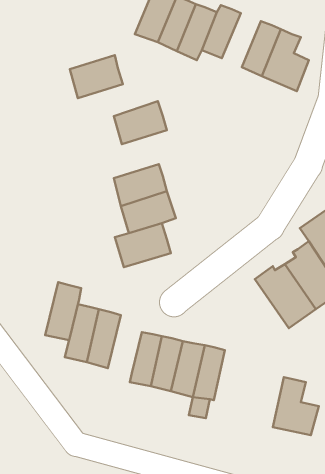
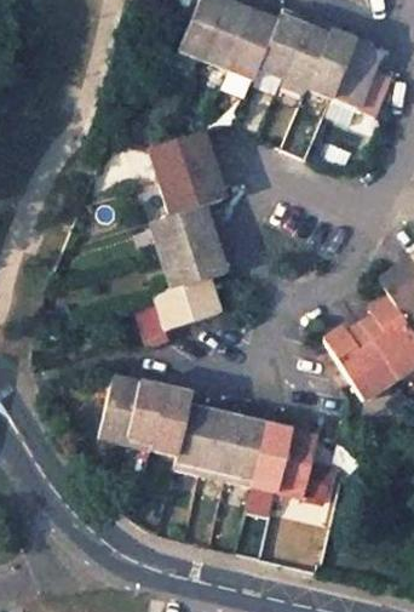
building: none -> [284,21,332,86]
building: [70,55,123,98] -> [163,162,228,215]
building: [45,282,81,340] -> [146,387,190,457]
building: [273,377,319,435] -> [275,429,330,499]

